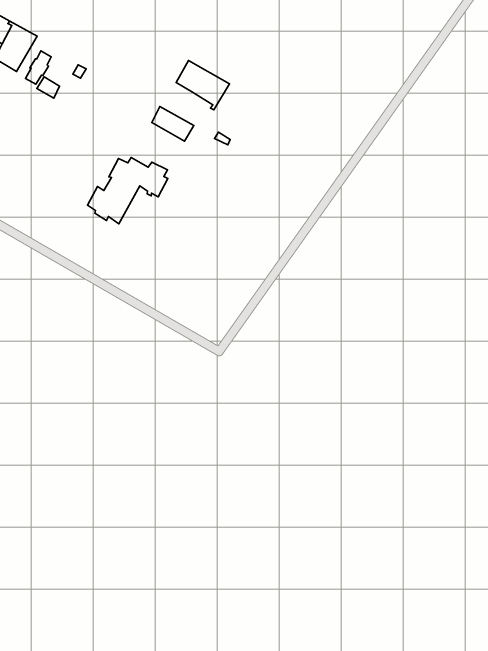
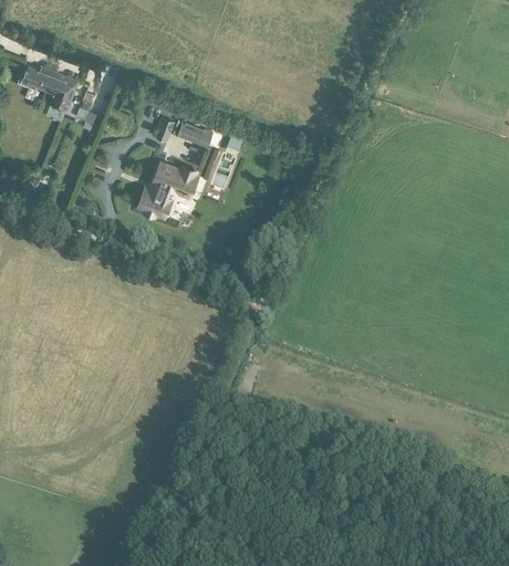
building: [176,61,229,110] -> none

